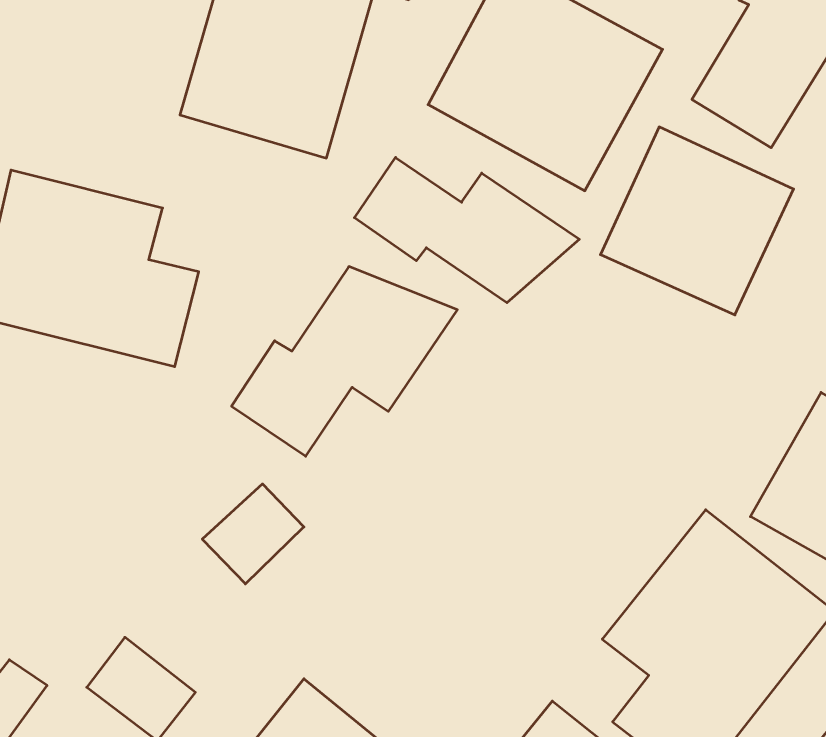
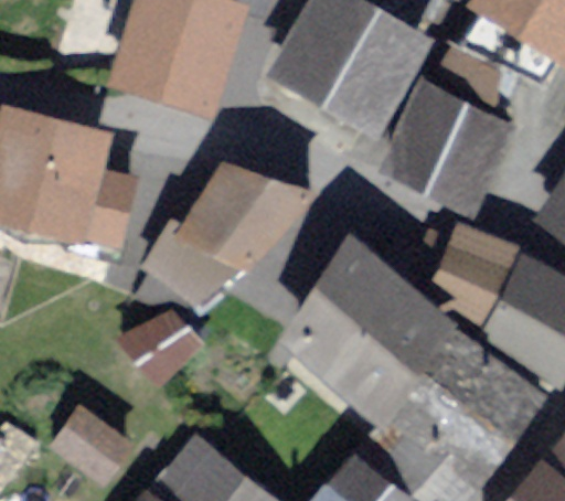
building: [354,157,579,303] -> none
building: none -> [430,220,515,320]
building: none -> [280,239,459,415]

